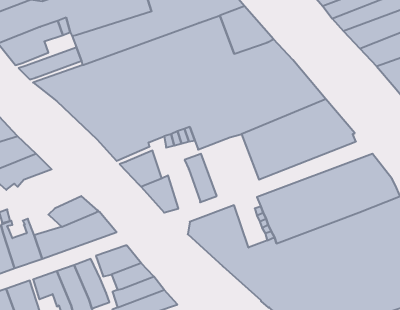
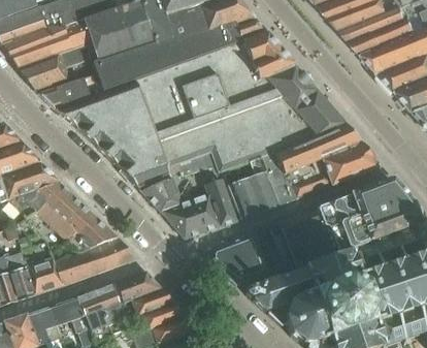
building: none -> [228,159,278,219]
building: none -> [37,194,101,240]
building: none -> [188,194,220,233]

